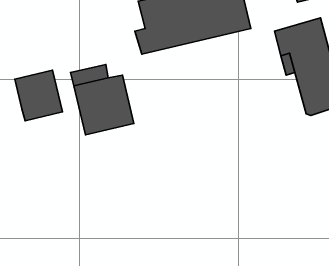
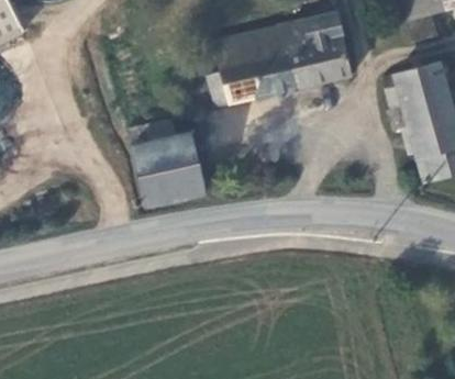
building: [15,70,62,121] -> none

